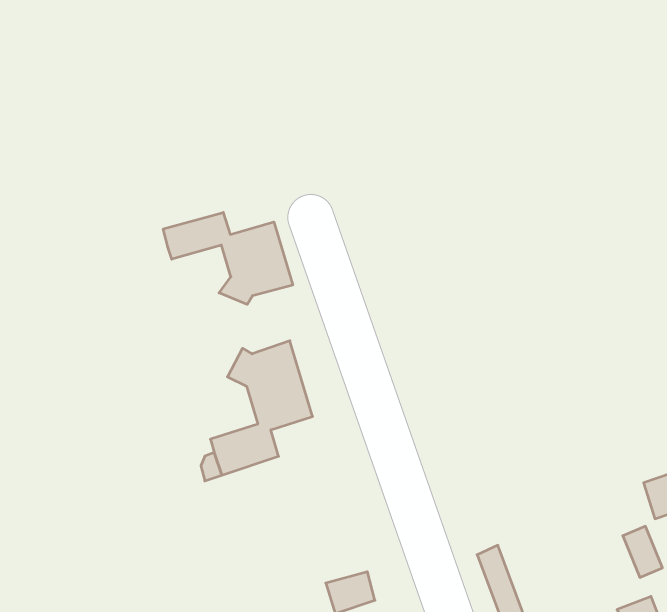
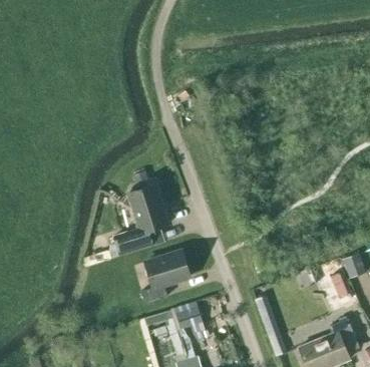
building: [163,212,293,304] -> none
building: none -> [140,252,190,304]

